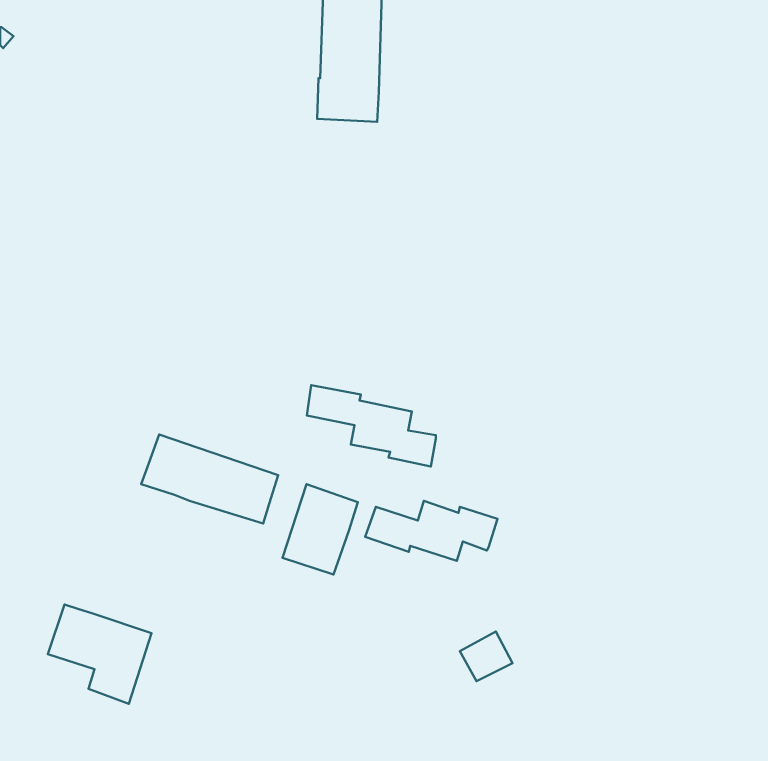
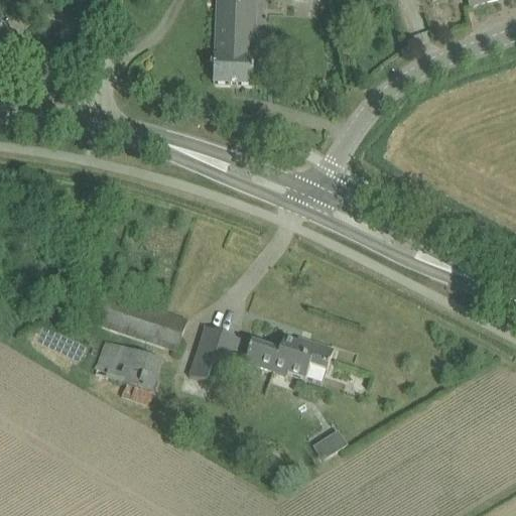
building: [307,385,436,467] -> none
building: [48,604,152,704] -> [94,339,163,405]

